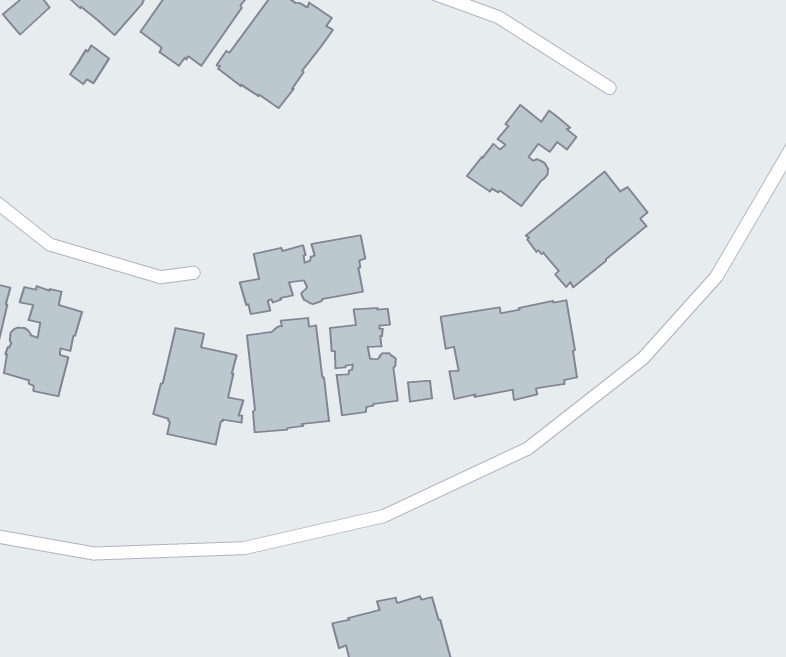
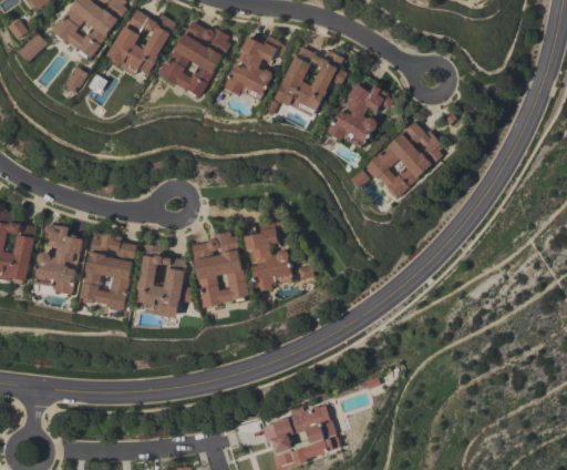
building: none -> [224,34,286,99]
building: none -> [275,45,347,113]
building: [240,235,365,314] -> none
building: [441,300,577,400] -> none
building: none -> [80,233,136,310]

